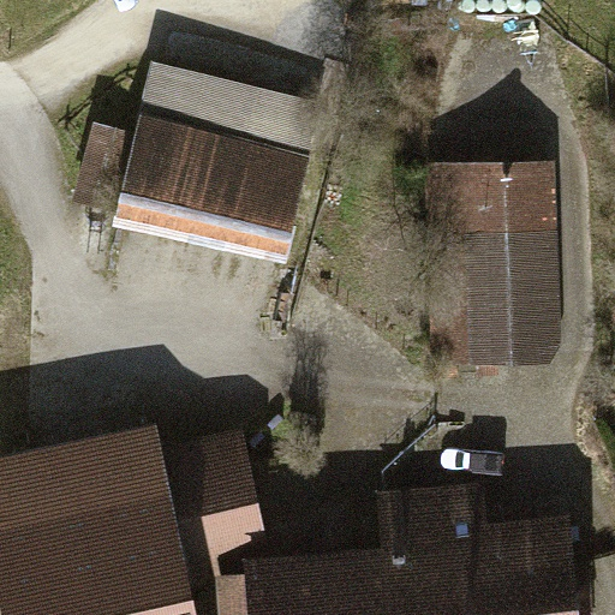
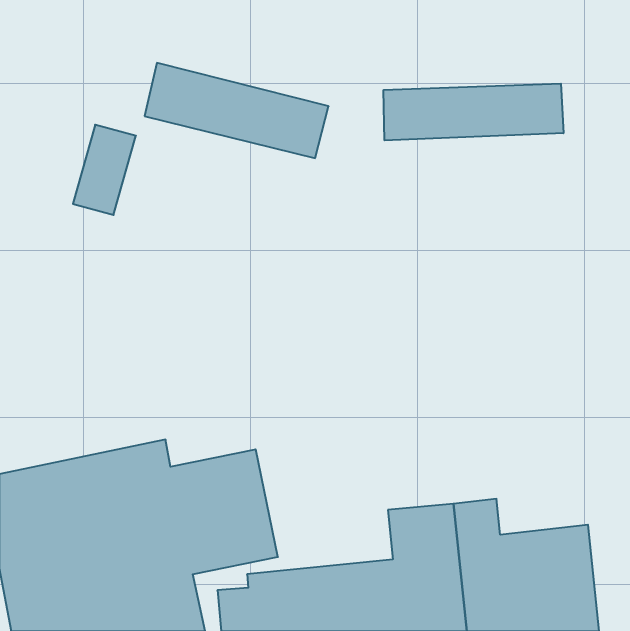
building: none -> [384,84,563,140]
building: [113,113,306,259] -> none
building: [423,161,561,363] -> none

